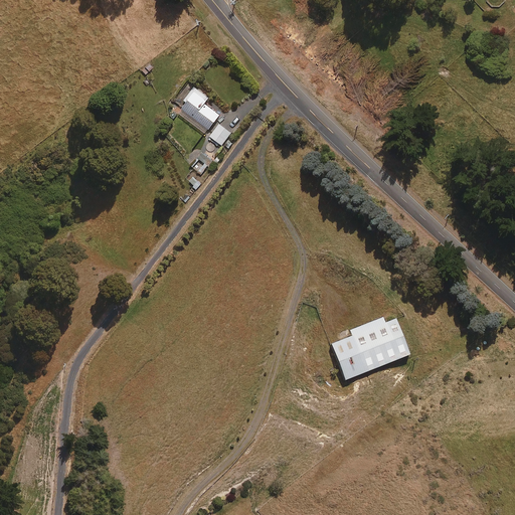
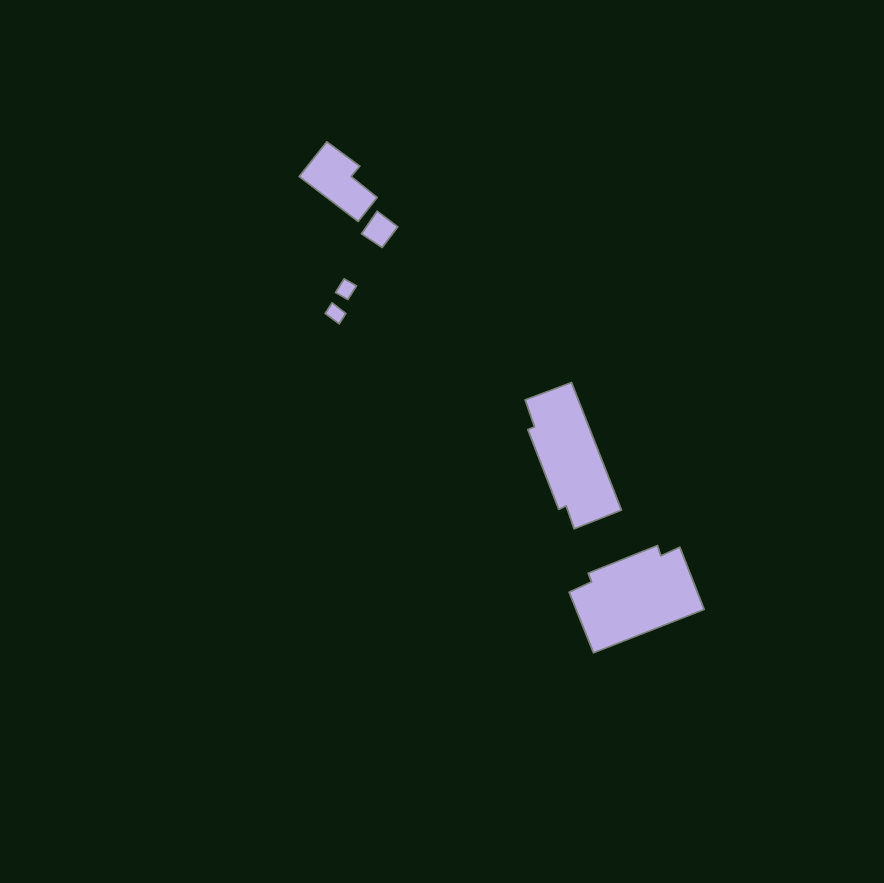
building: none -> [525,382,621,529]

